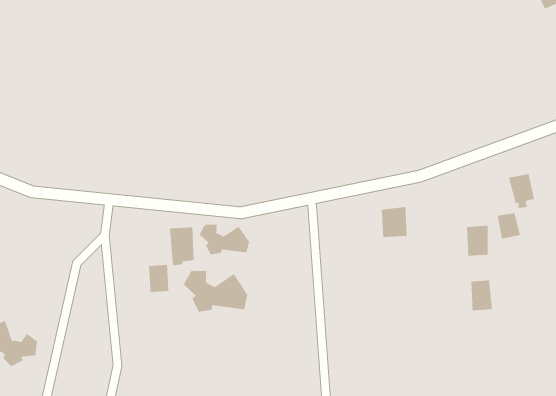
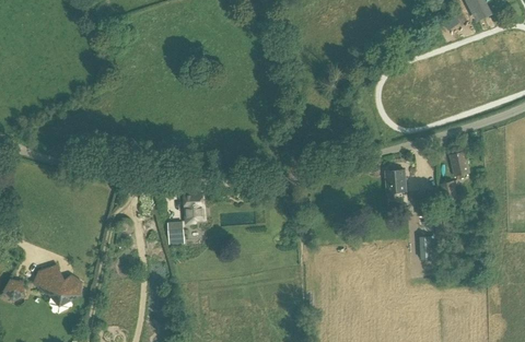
building: [381,207,408,237] -> [385,168,406,192]
building: [199,224,250,255] -> none
building: [183,270,248,313] -> none

